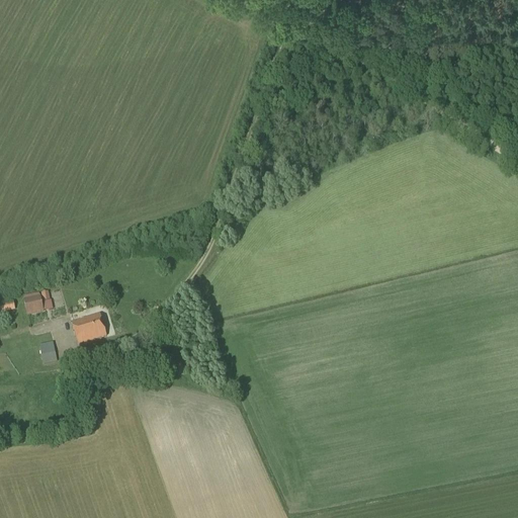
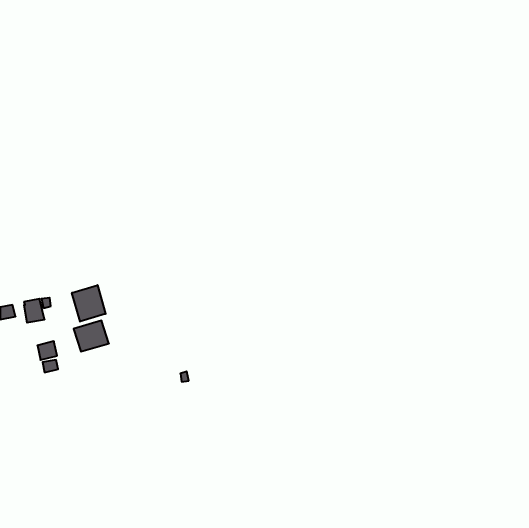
building: none -> [72,285,106,322]

